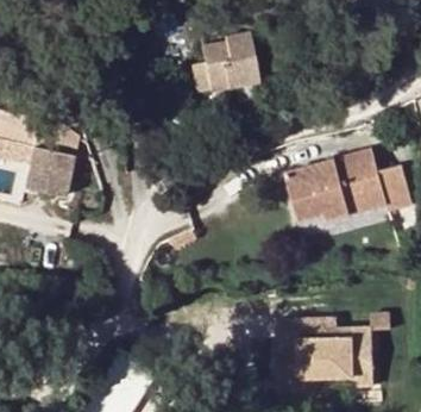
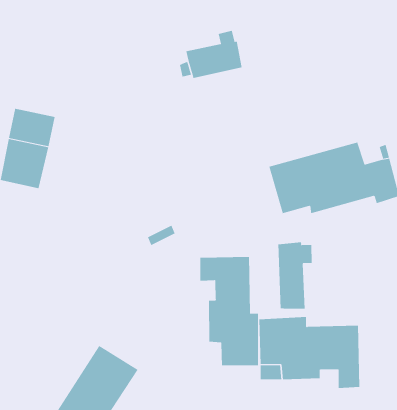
building: none -> [278,242,312,309]
building: none -> [200,256,259,366]

